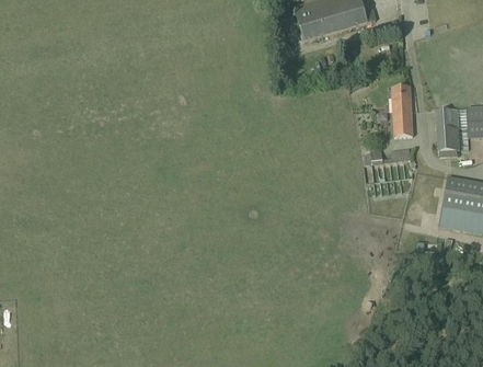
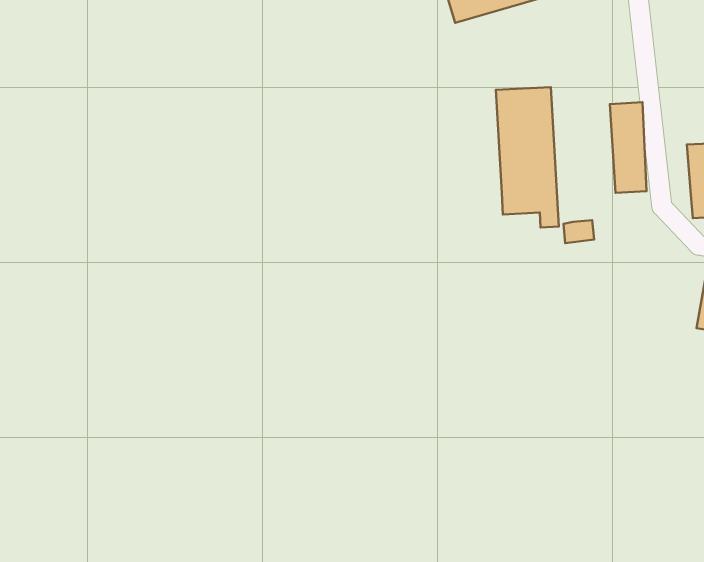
building: none -> [496,87,559,227]

